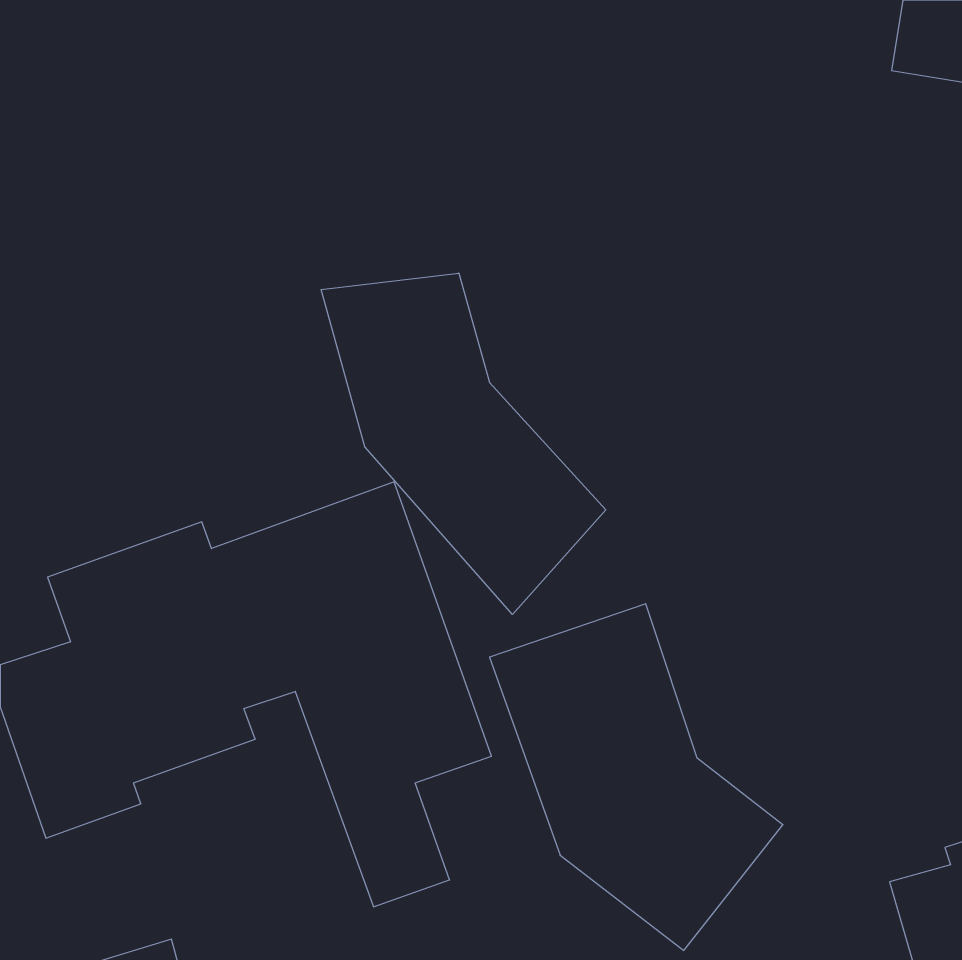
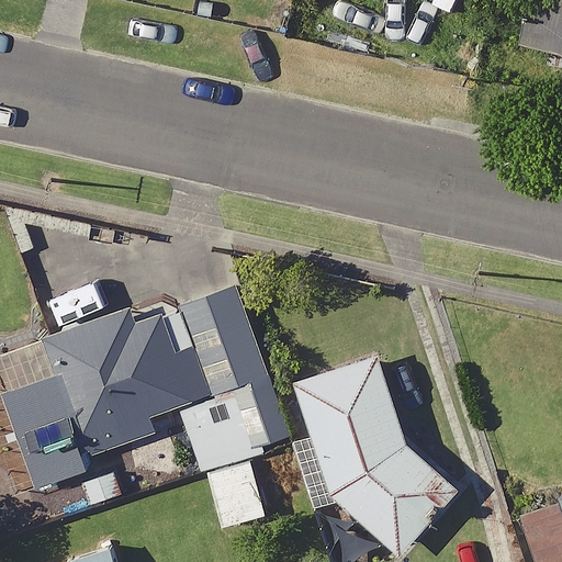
building: [321,273,606,614] -> none

